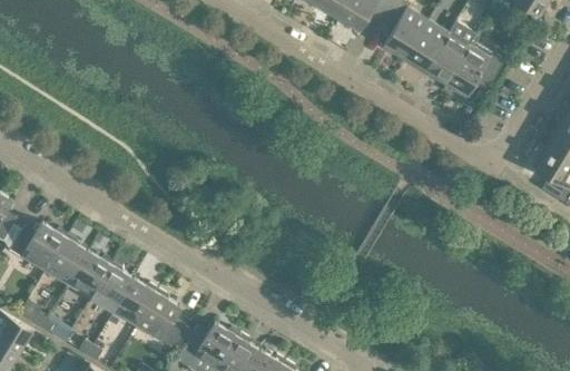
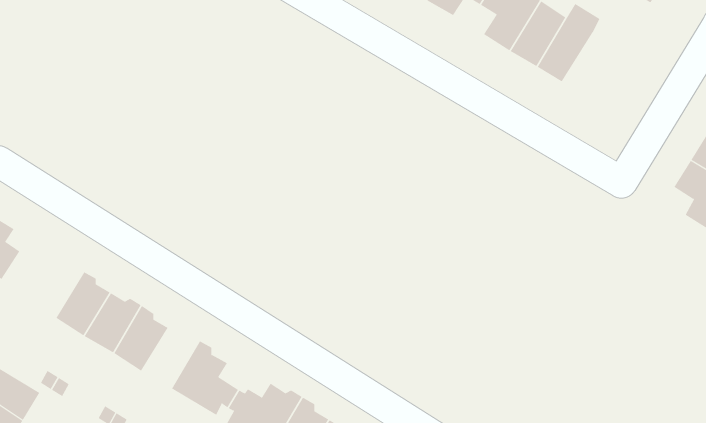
building: [444,45,504,97] -> none
building: [9,222,67,270] -> none
building: [112,277,158,325] -> none

